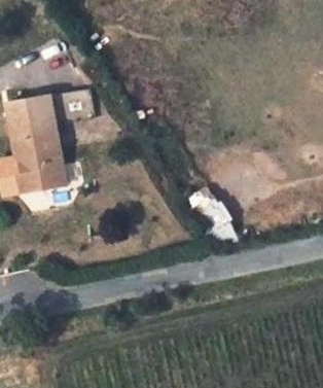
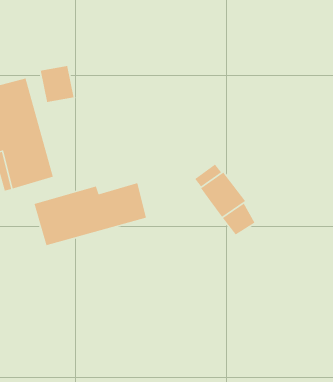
building: none -> [33,182,147,246]

